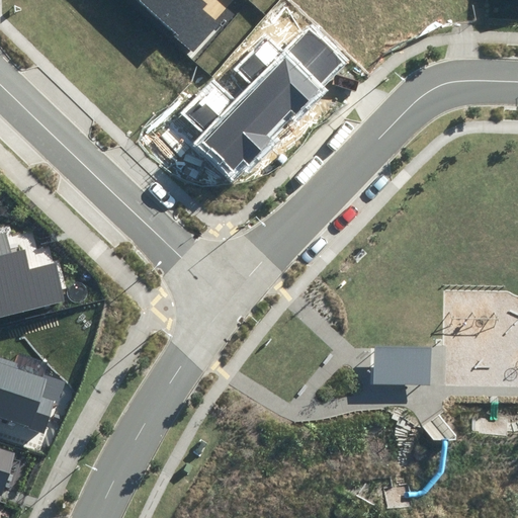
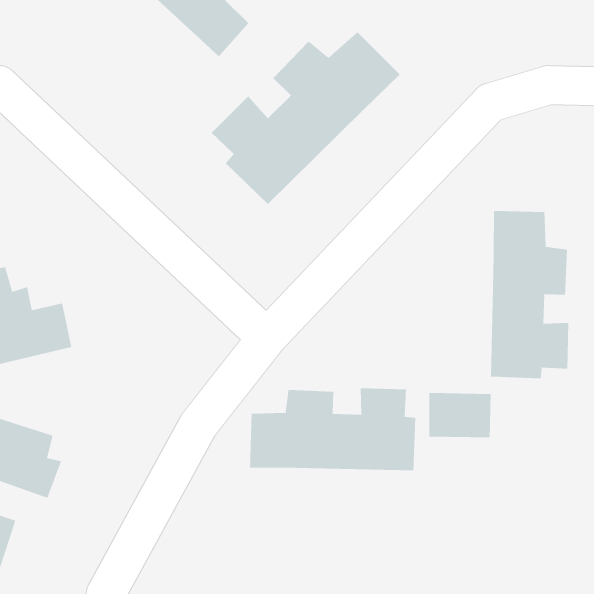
building: none -> [491,210,569,379]
building: none -> [250,387,416,471]

